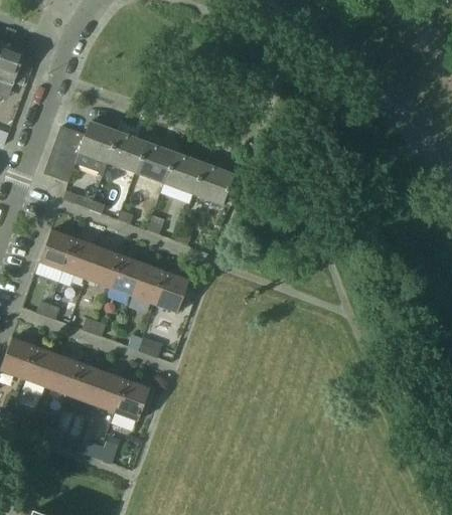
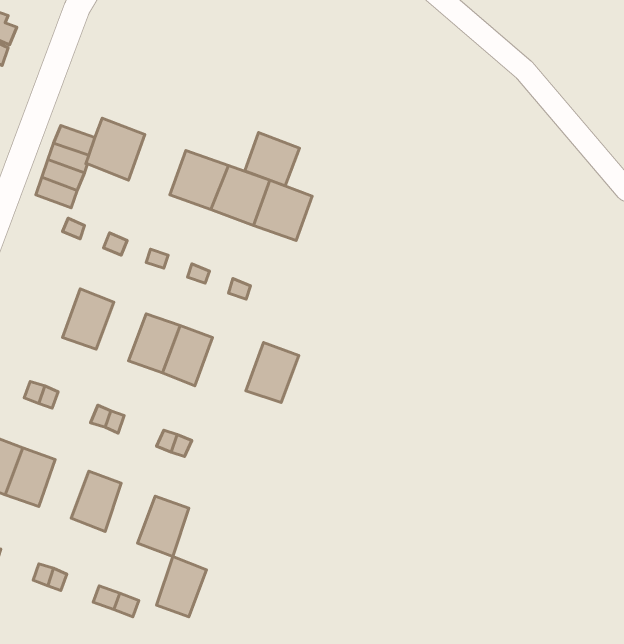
building: none -> [245,133,300,186]
building: [108,132,147,173] -> none
building: [39,229,74,271] -> none
building: [86,246,120,287] -> none
building: [153,271,189,312] -> [246,342,299,403]
building: [46,354,81,394] -> none
building: [92,370,126,411] -> [157,557,206,617]

